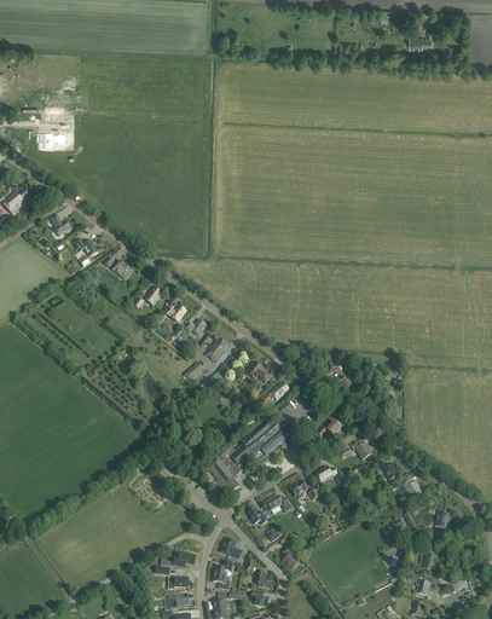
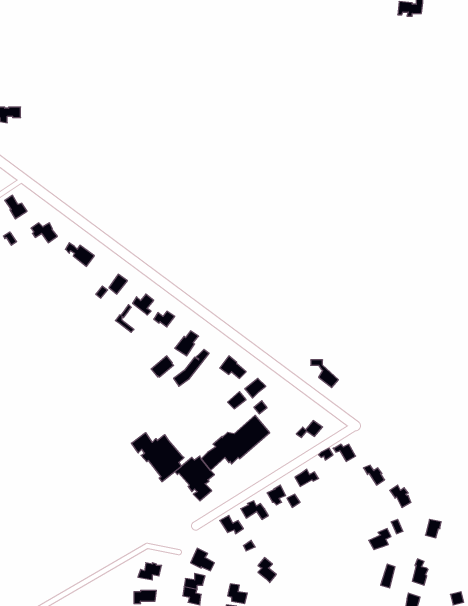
building: none -> [131,433,184,482]

